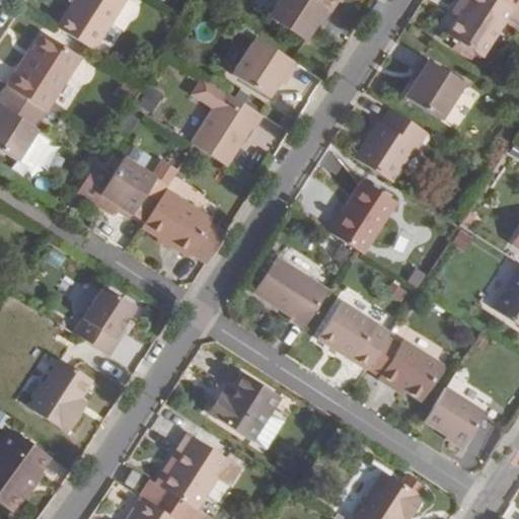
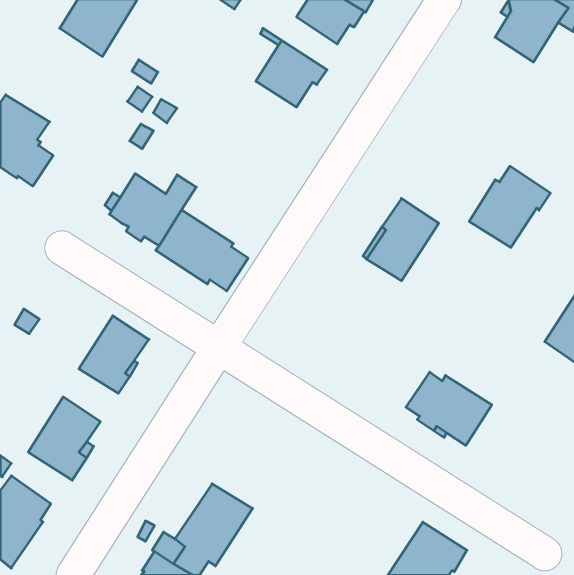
building: [7,30,81,109] -> none
building: [403,55,464,119] -> none
building: [191,76,263,165] -> none
building: [354,107,427,180] -> [469,166,550,247]
building: [252,254,328,327] -> none
building: [318,300,390,369] -> none
building: [206,369,284,447] -> none
building: [424,386,485,445] -> none

